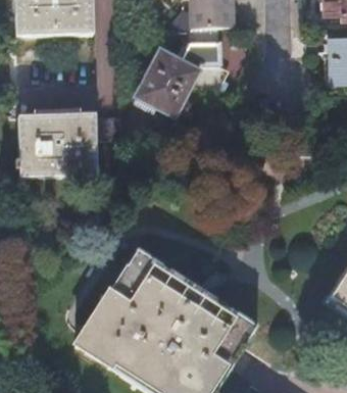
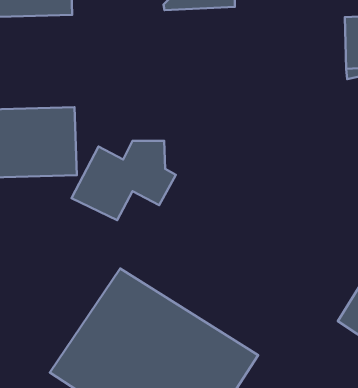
building: [136,42,227,111] -> [72,141,176,220]

